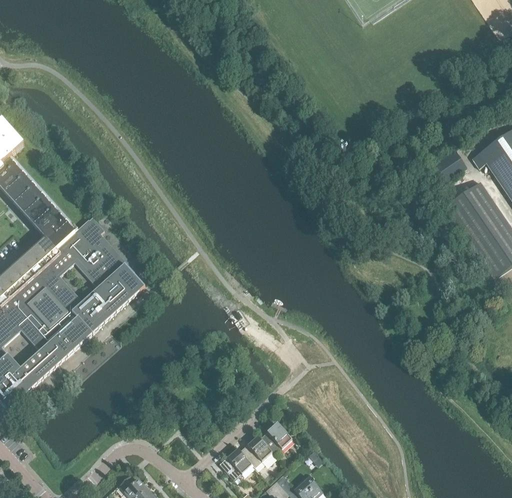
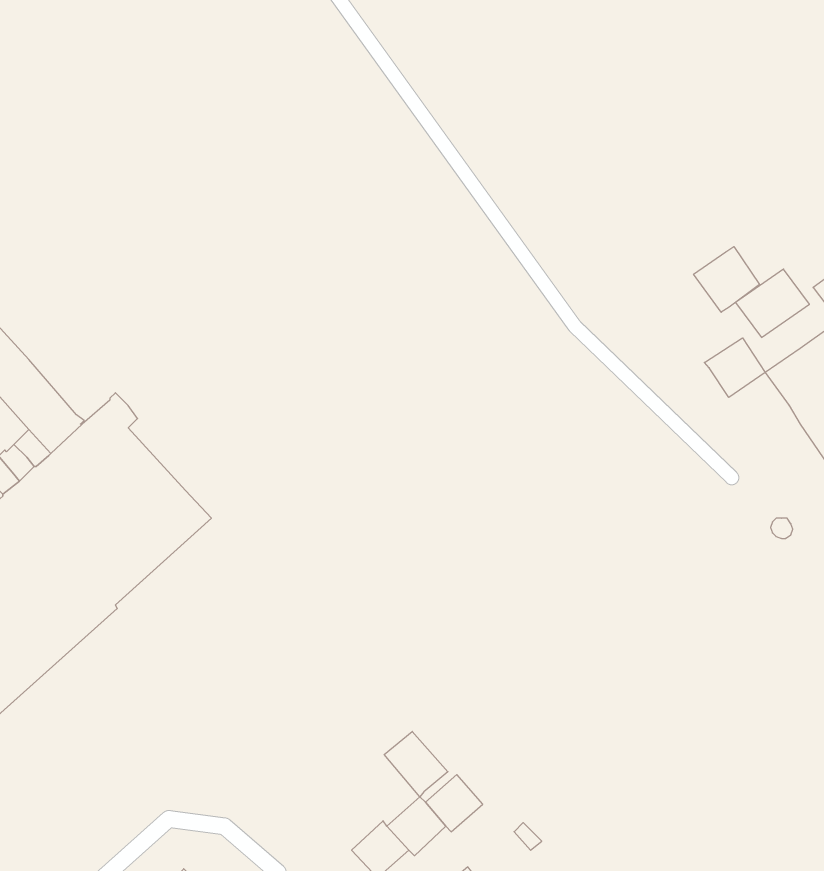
building: none -> [694,247,759,312]
building: none -> [704,338,765,397]
building: none -> [384,731,448,797]

